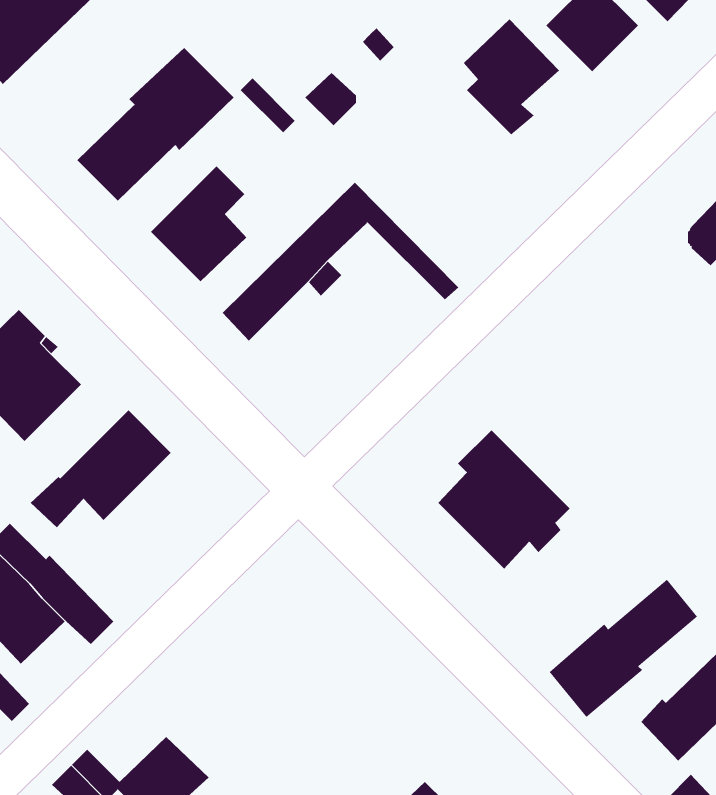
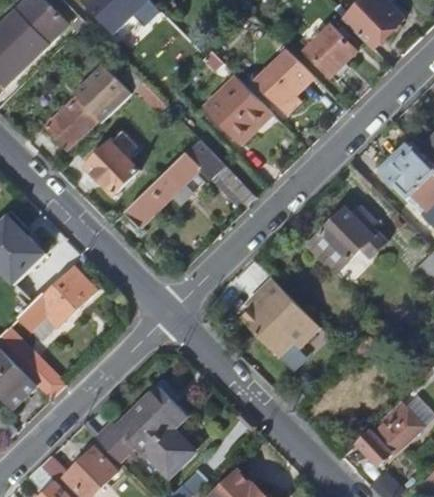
building: none -> [204,78,270,144]
building: none -> [306,205,394,283]
building: [549,579,698,718] -> none
building: none -> [99,386,193,473]

